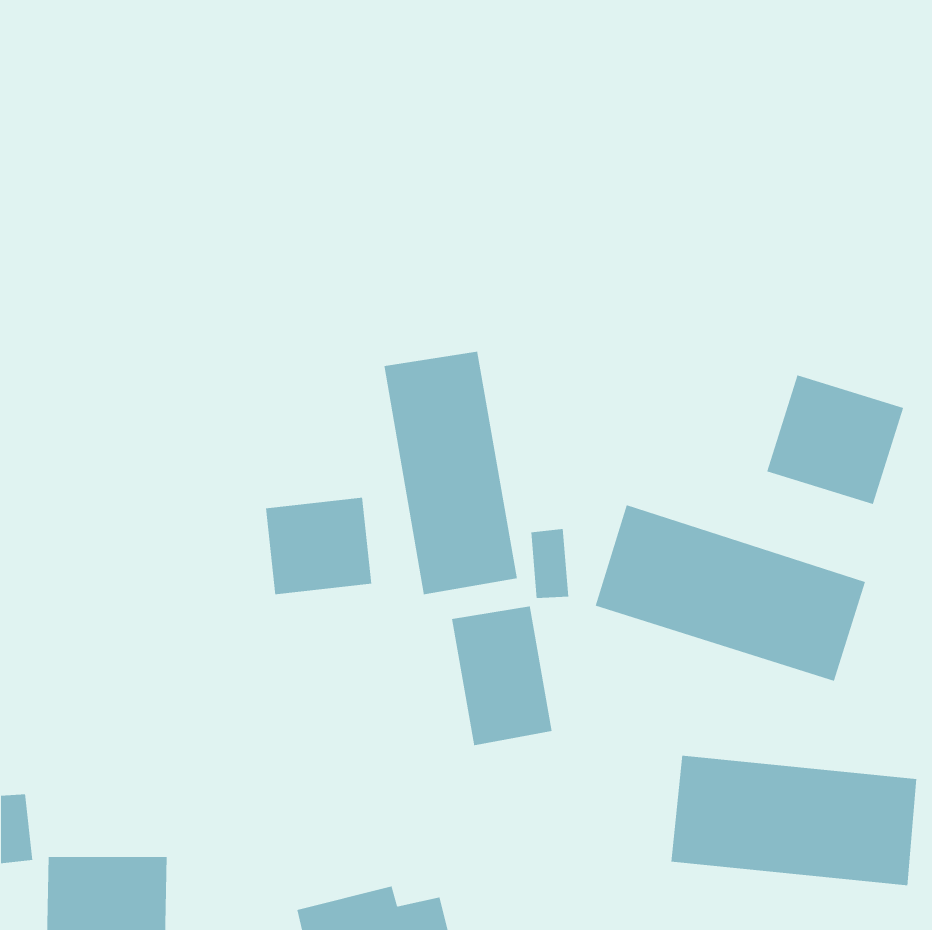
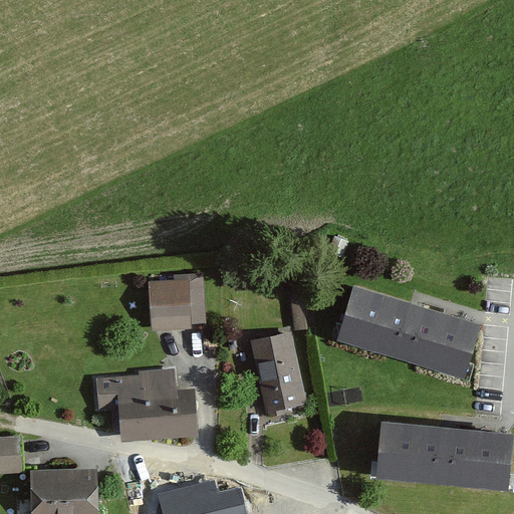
building: [384,351,517,595] -> none
building: [767,375,904,505] -> none
building: none -> [93,372,199,447]

